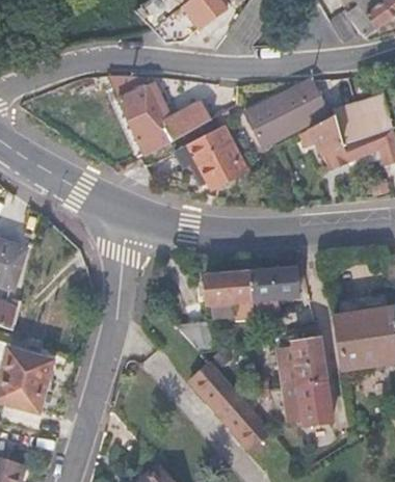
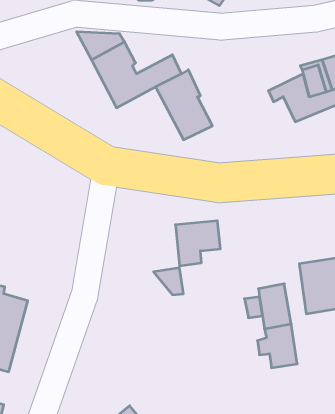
building: [246,81,332,150] -> none
building: [248,268,297,318] -> none
building: [184,354,276,456] -> none

